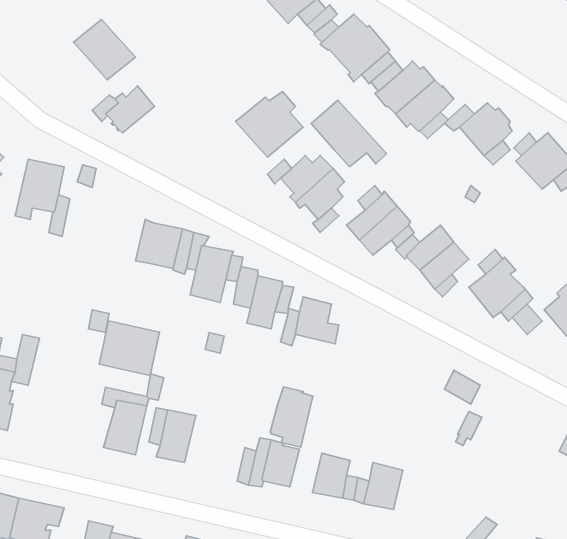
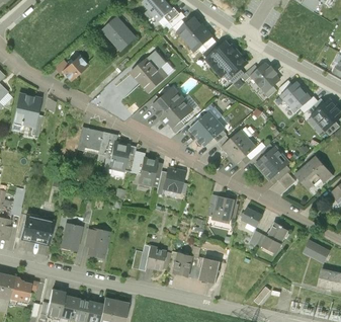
building: [73,20,136,80] -> [103,17,137,50]
building: [311,100,387,167] -> none
building: [99,321,159,375] -> [20,214,53,243]
building: none -> [209,195,236,223]
building: [270,387,313,447] -> none
building: none -> [263,223,288,254]

